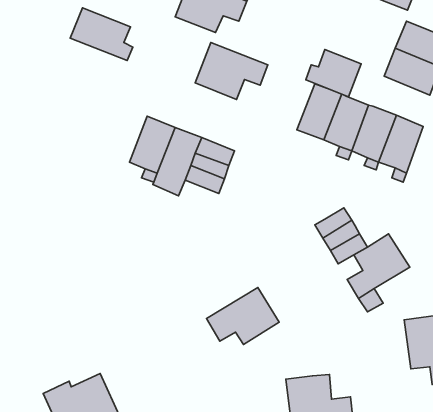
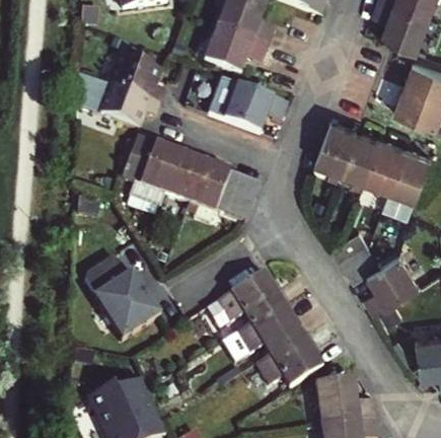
building: none -> [77,66,162,122]
building: [306,50,361,97] -> none
building: none -> [121,130,180,202]
building: none -> [82,254,157,339]
building: none -> [207,270,281,336]
building: none -> [253,333,320,385]

